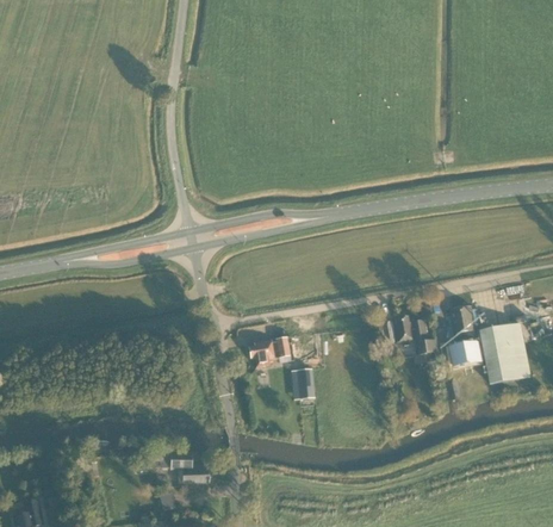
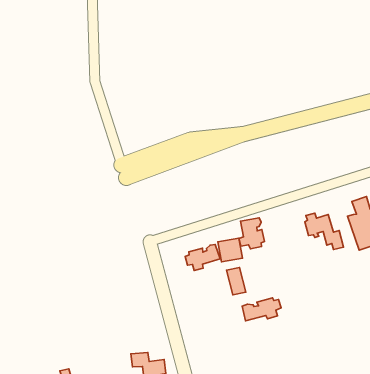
building: none -> [239,218,265,249]
building: none -> [242,298,281,321]

